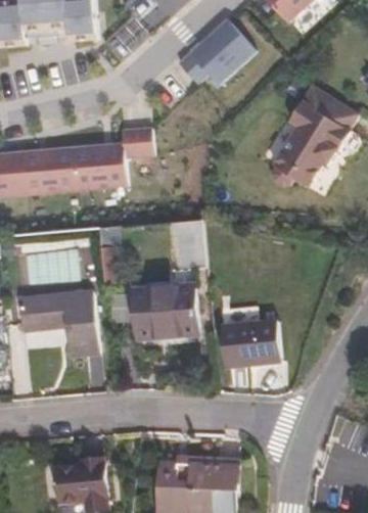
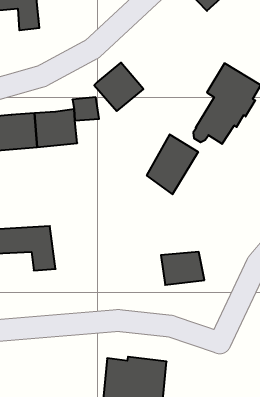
building: [191,19,254,81] -> [94,63,143,111]
building: none -> [147,134,198,194]
building: [133,286,198,333] -> none
building: [66,452,117,501] -> none

